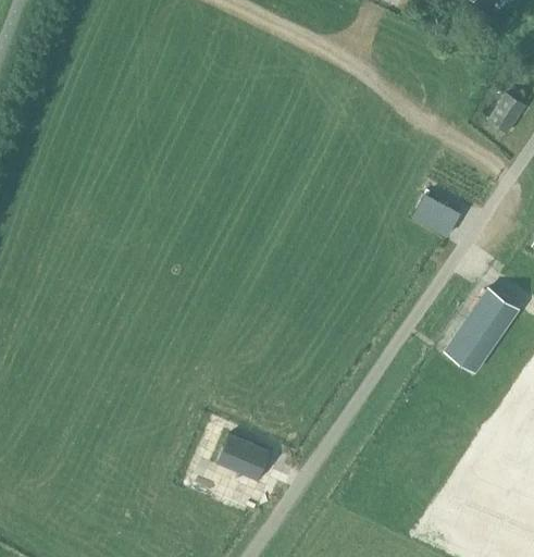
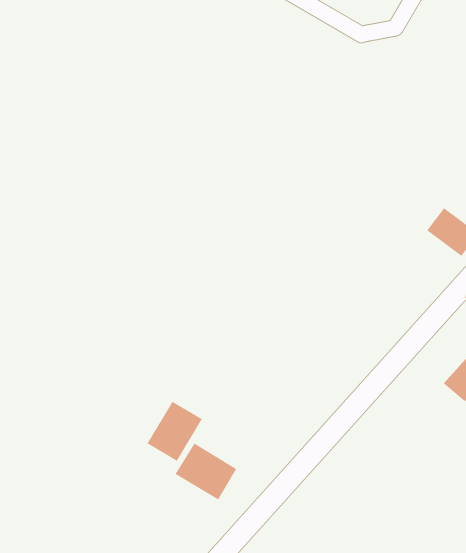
building: none -> [146,401,203,462]

